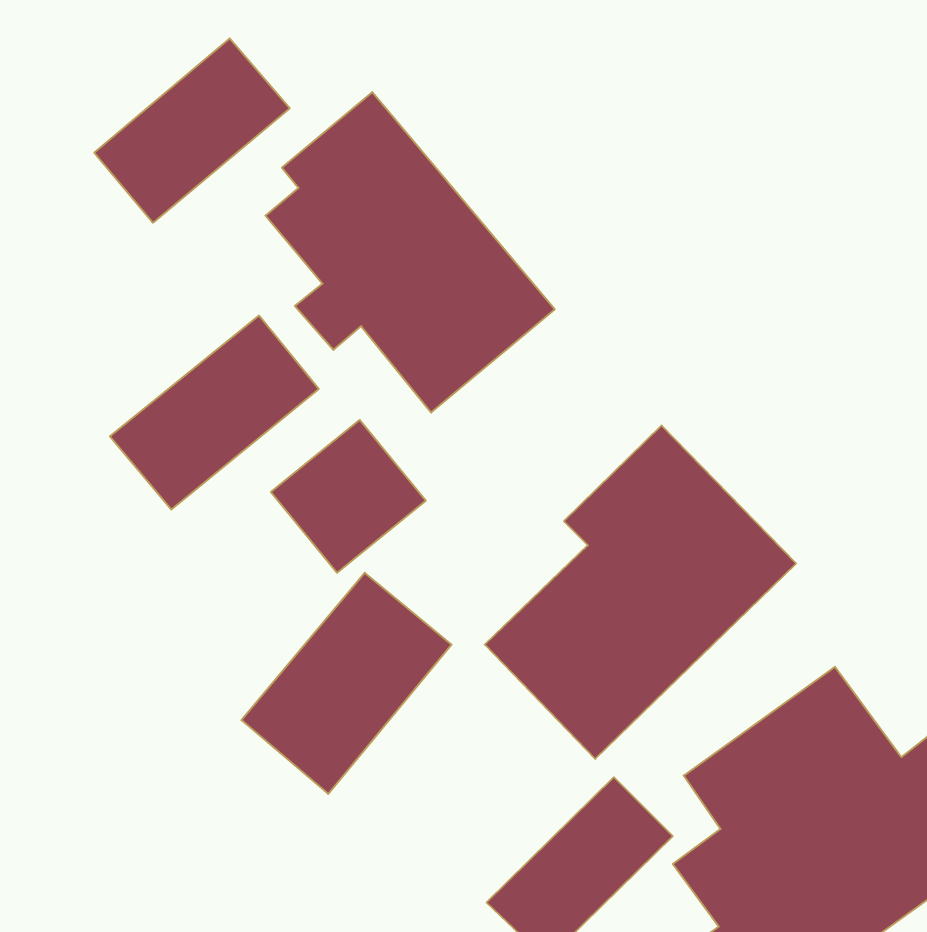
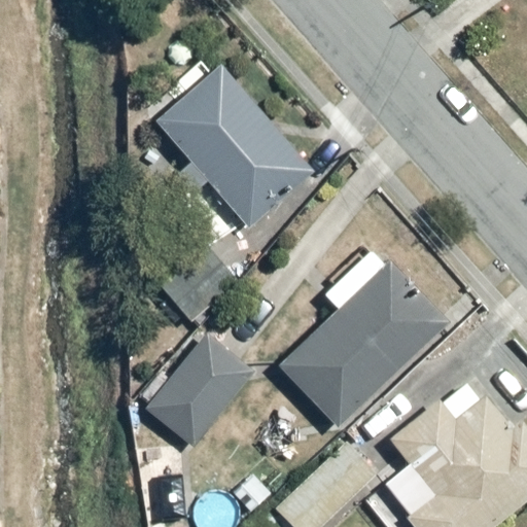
building: [94,38,290,223] -> none
building: [110,316,319,510] -> none

